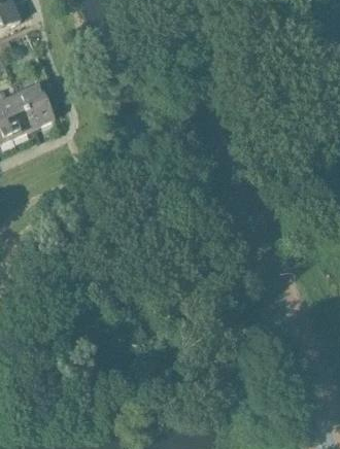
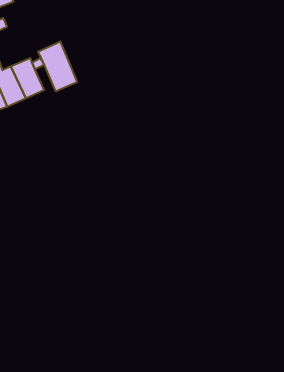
building: none -> [38,41,77,91]

